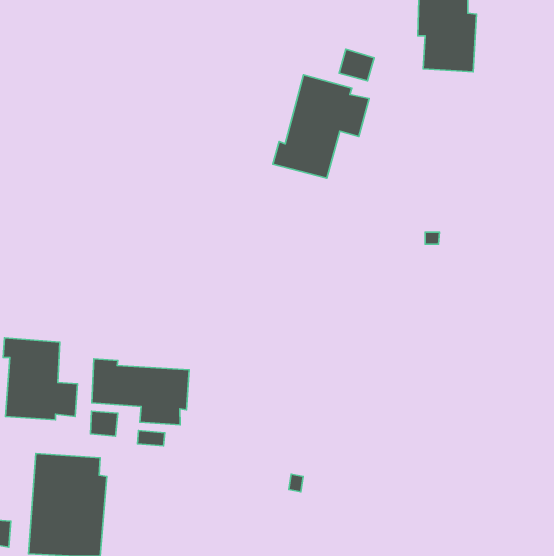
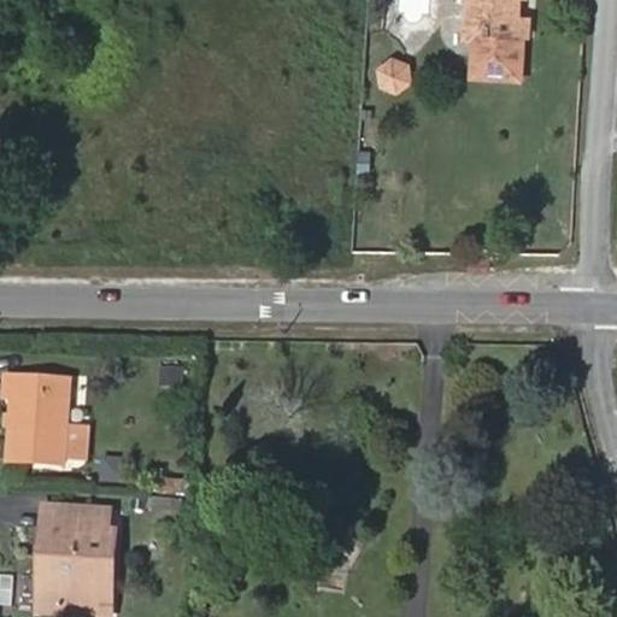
building: [273,75,369,178] -> none
building: [92,359,189,425] -> none

